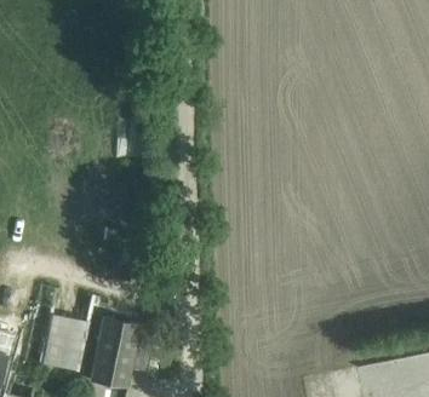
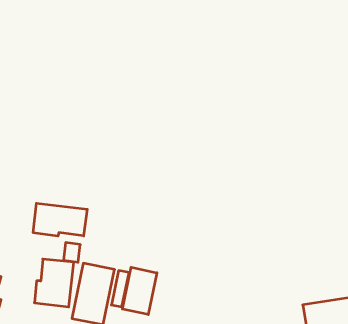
building: none -> [33,203,87,236]
building: none -> [122,267,157,315]

